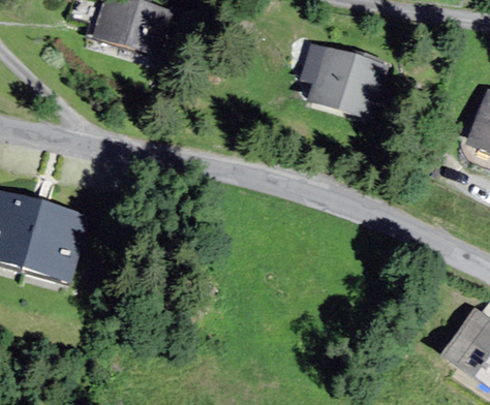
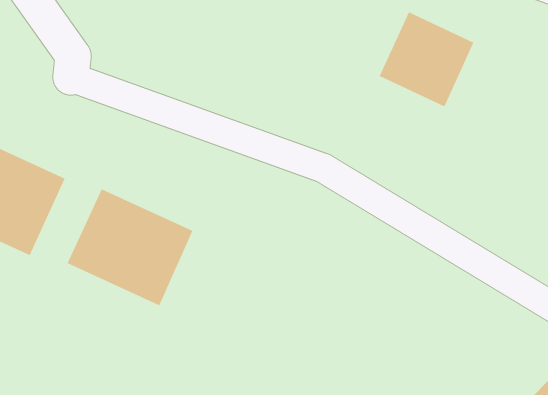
building: none -> [67,188,193,306]

